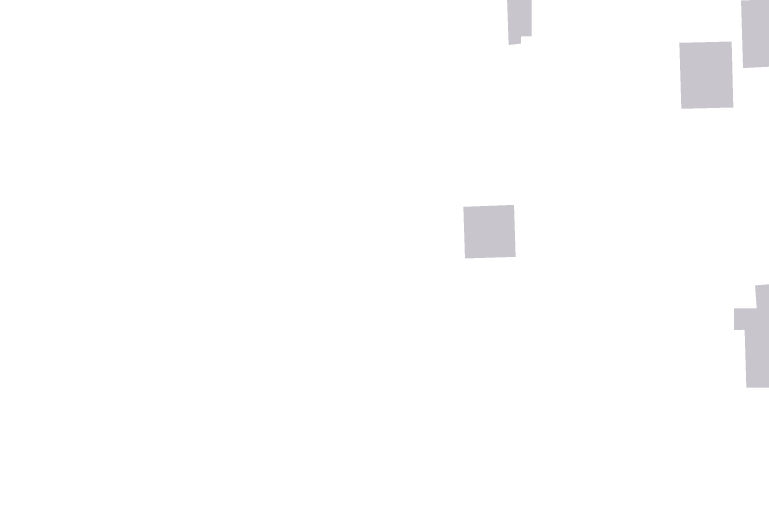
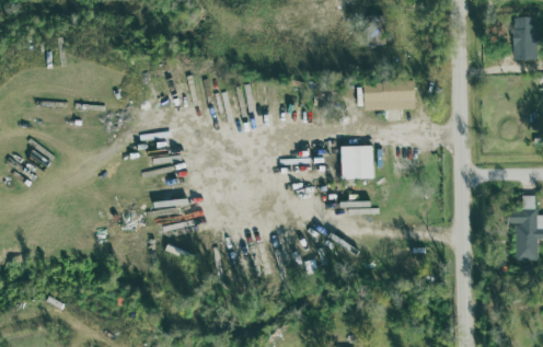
building: [679,41,734,109] -> none
building: none -> [363,81,415,111]

